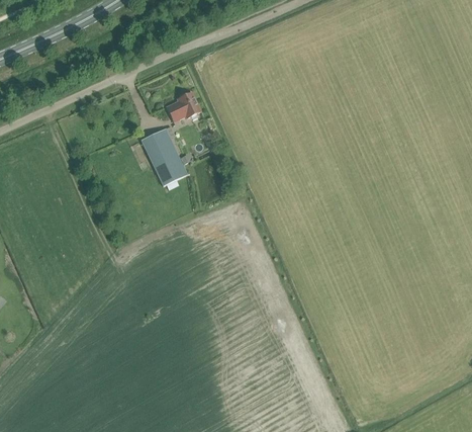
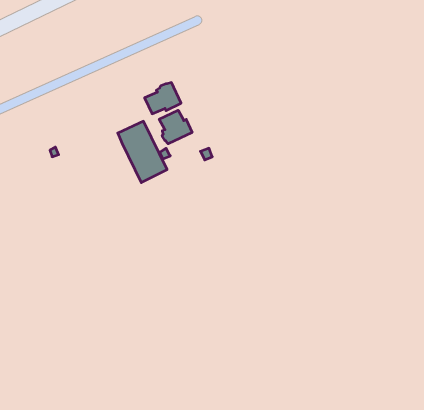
building: none -> [159,110,192,144]

